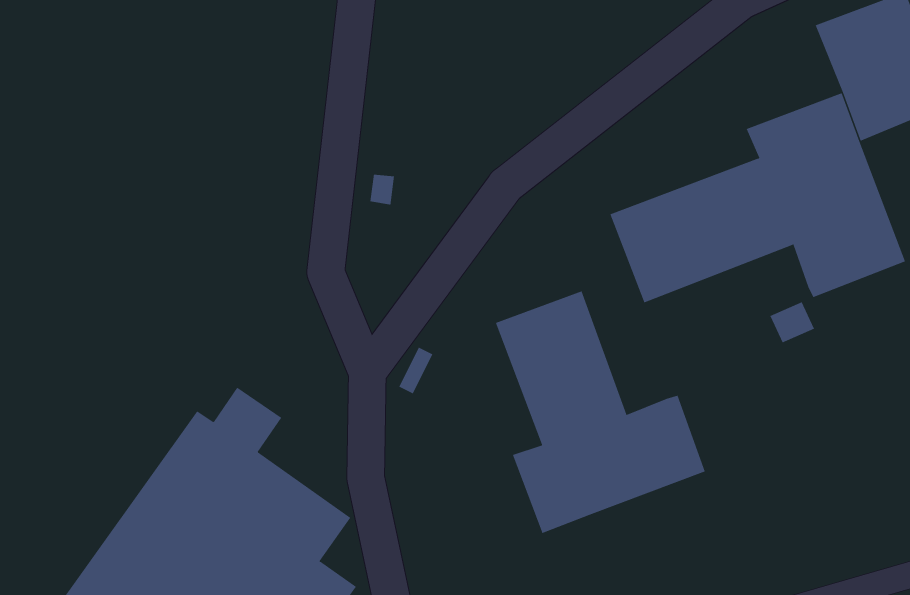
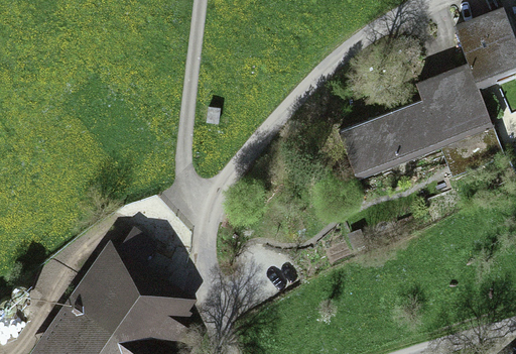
building: [495,290,705,534] -> none

